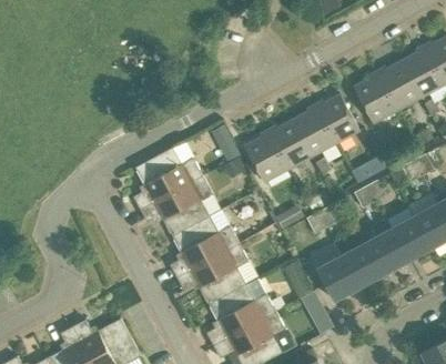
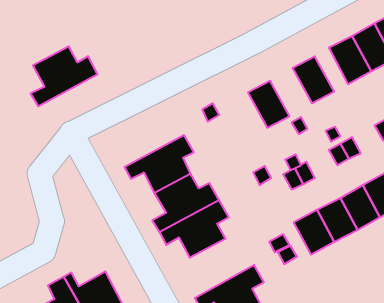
building: [293,107,336,156] -> none
building: [245,132,290,182] -> none
building: [133,148,203,210] -> [31,46,98,106]
building: [206,284,276,346] -> none

